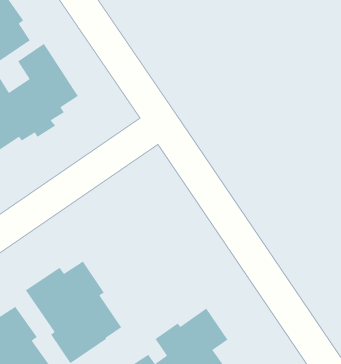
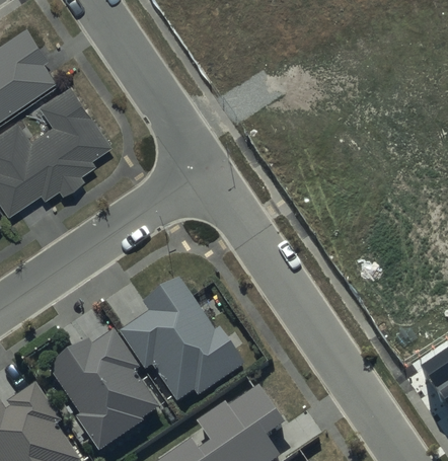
building: none -> [120,278,244,402]

